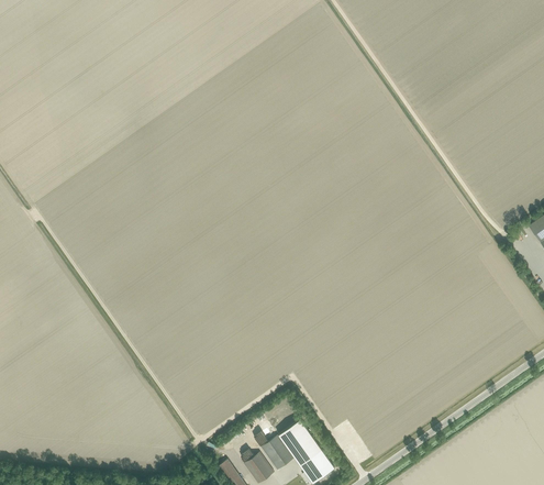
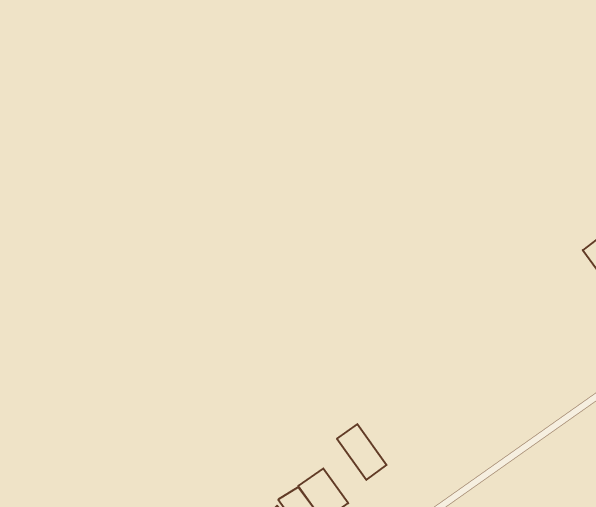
building: none -> [337,424,387,480]

